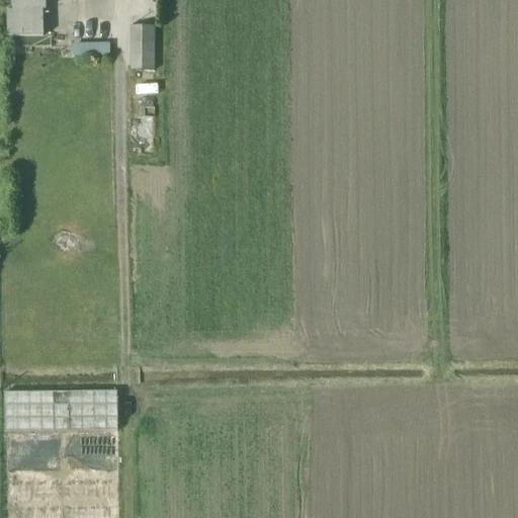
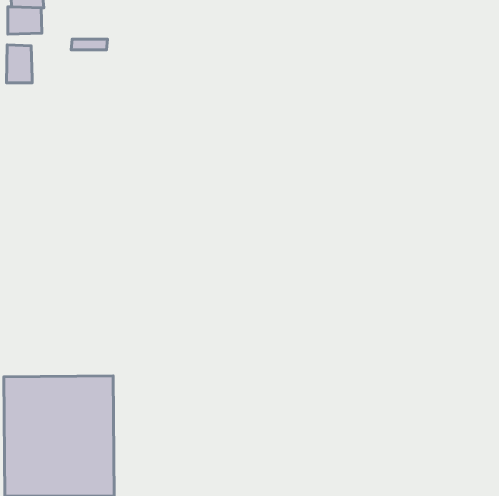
building: [132,24,154,70] -> none
building: none -> [6,45,32,83]

